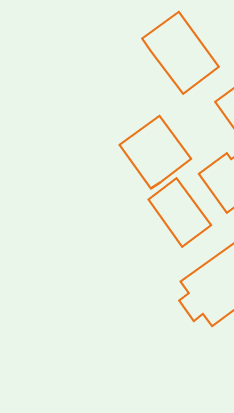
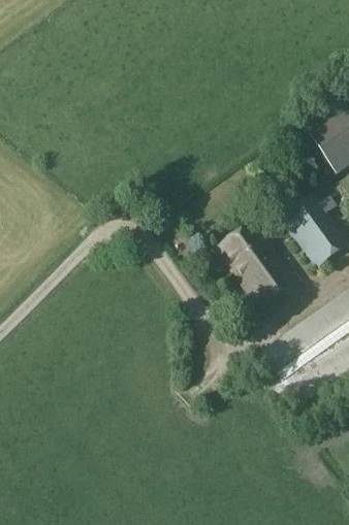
building: [142,12,219,94] -> none
building: [119,116,191,189] -> none

